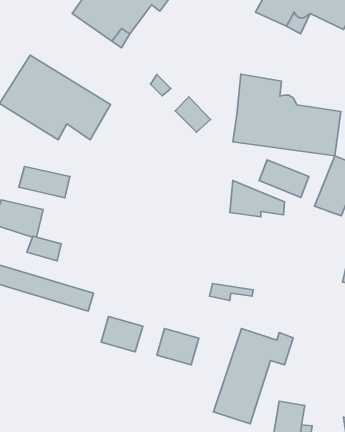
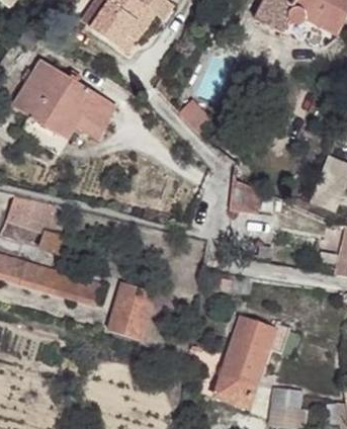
building: [233,74,341,156] -> none
building: [259,160,309,197] -> none
building: [19,166,70,198] -> none
building: [157,329,199,365] -> [115,281,155,316]

